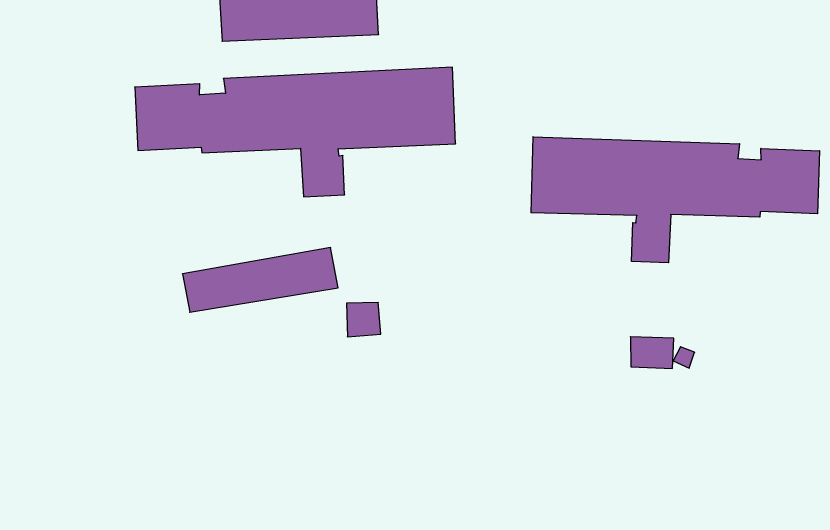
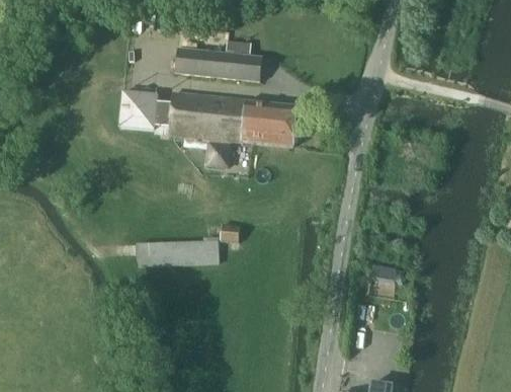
building: [531,137,820,263] -> none
building: [182,248,338,312] -> [136,238,219,262]

